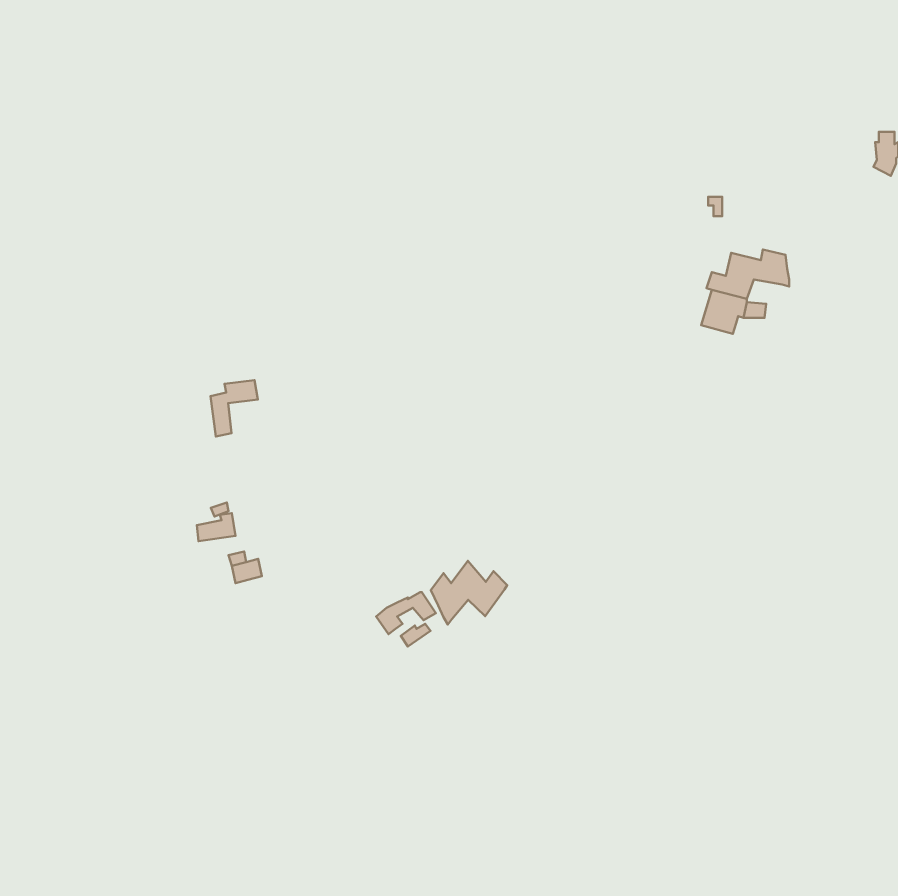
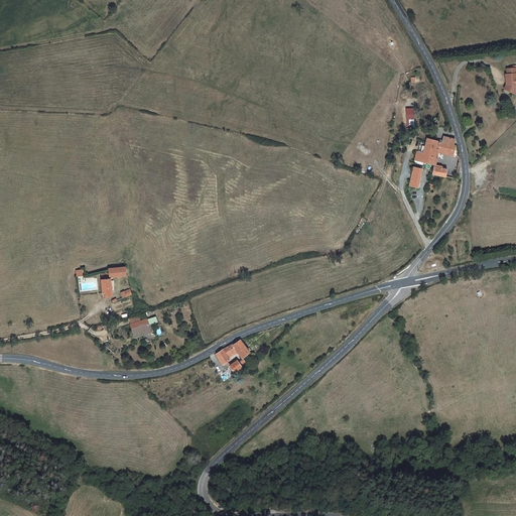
building: [210,380,258,437] -> [100,266,127,298]
building: [431,561,507,625] -> none

